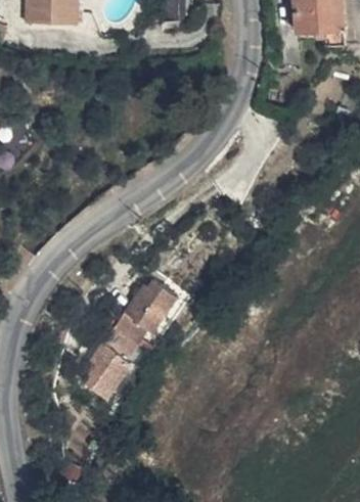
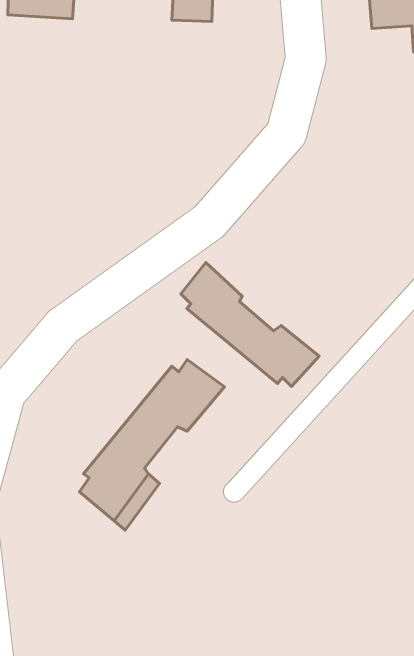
building: none -> [181,263,319,387]

